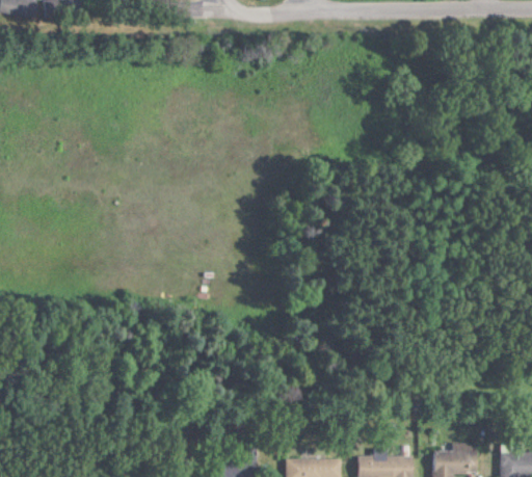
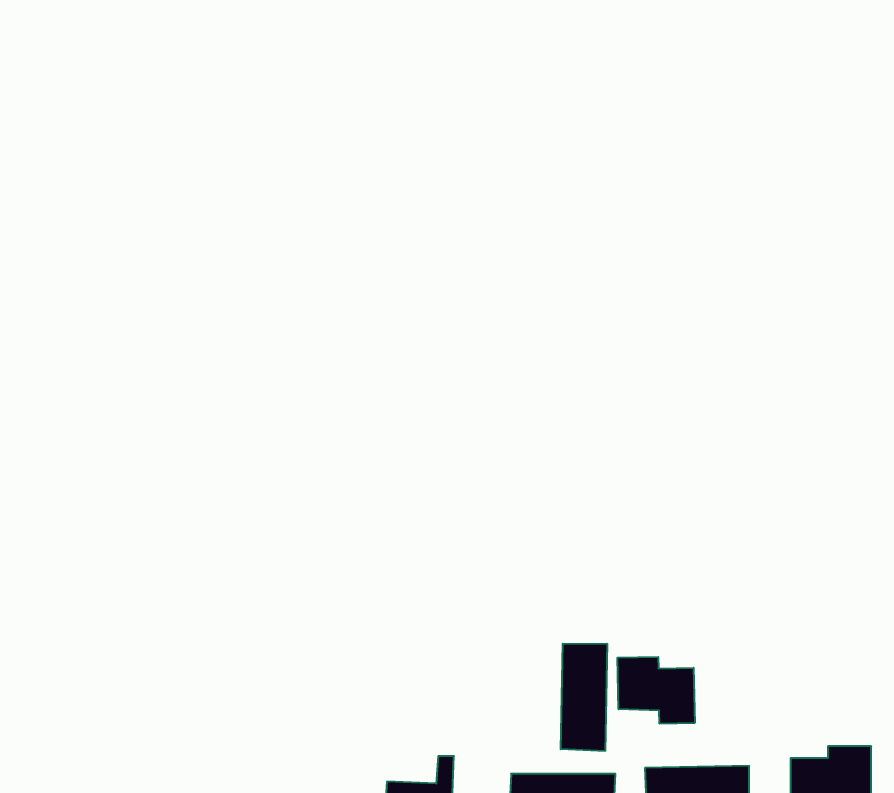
building: none -> [561,644,607,751]
building: none -> [618,657,695,724]

